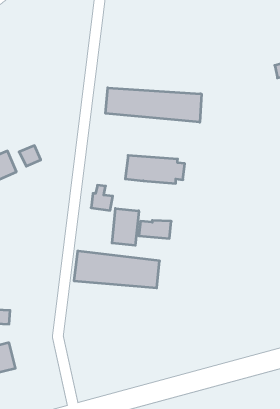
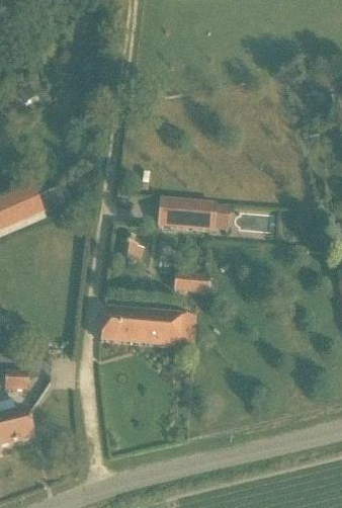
building: [106,88,201,122] -> none
building: [112,208,139,245] -> none

